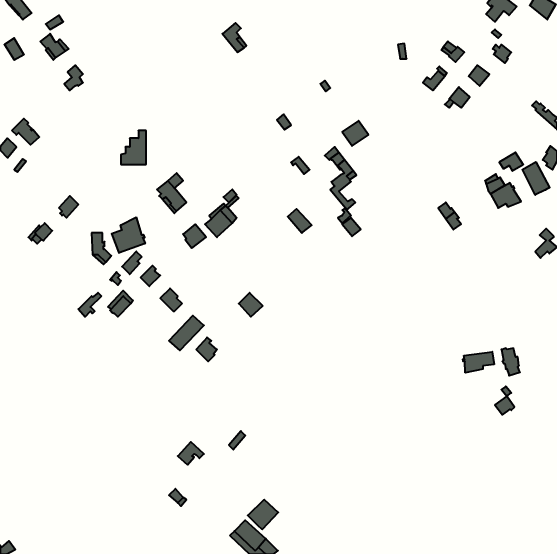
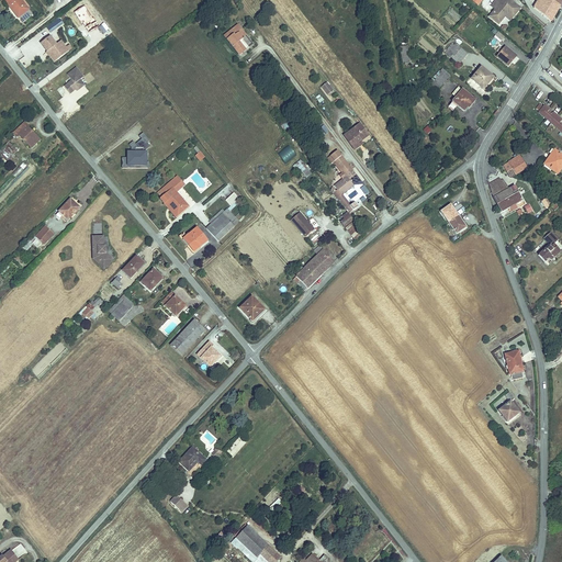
building: [522,162,550,195] -> none
building: [112,217,145,253] -> none
building: none -> [296,244,334,289]
building: [463,352,494,373] -> none
building: [248,500,278,529] -> none

